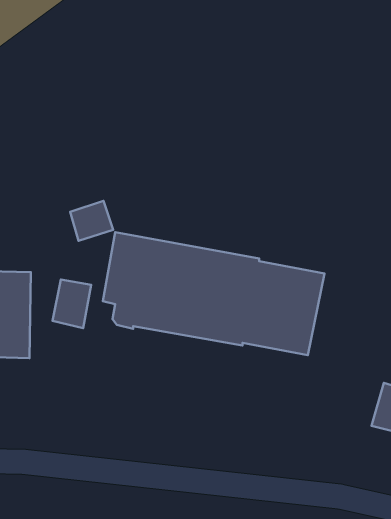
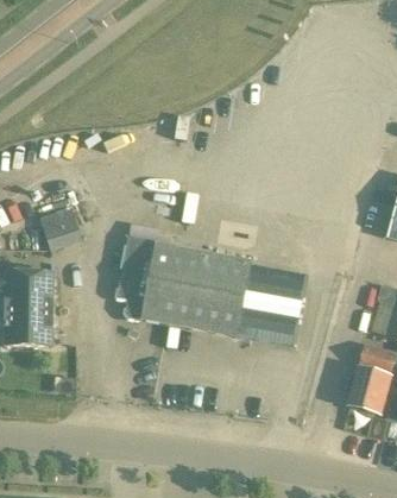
building: [70,201,113,241] -> [43,214,80,248]
building: [52,280,91,328] -> none

